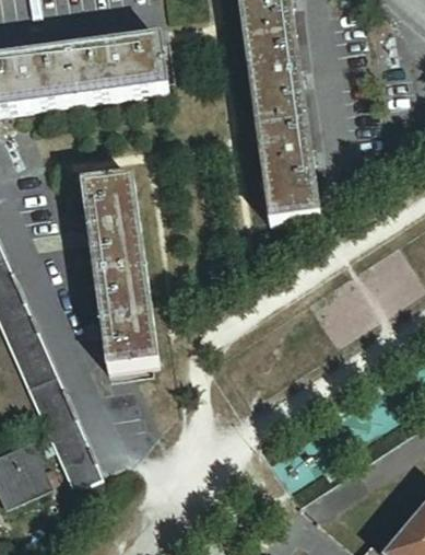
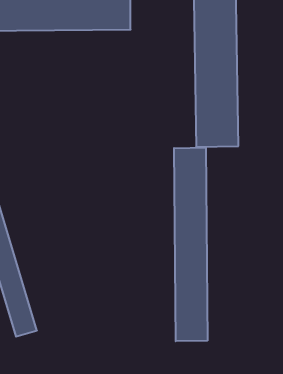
building: [82,177,158,373] -> none
building: none -> [174,147,207,341]

